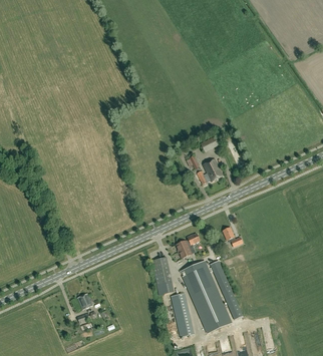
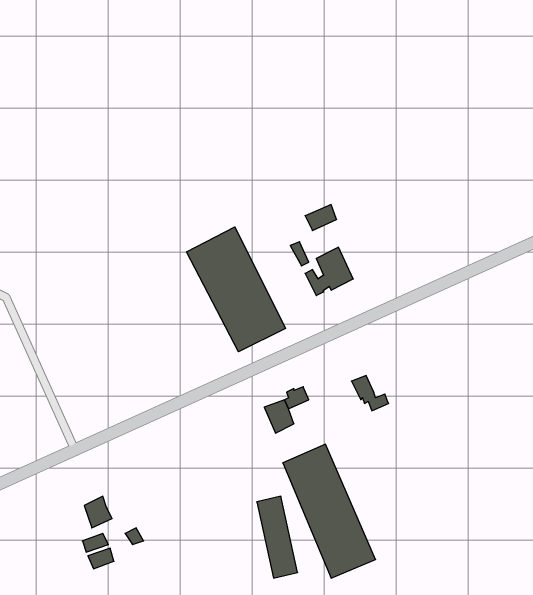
building: none -> [187,227,285,352]
building: [150,257,173,294] -> none

